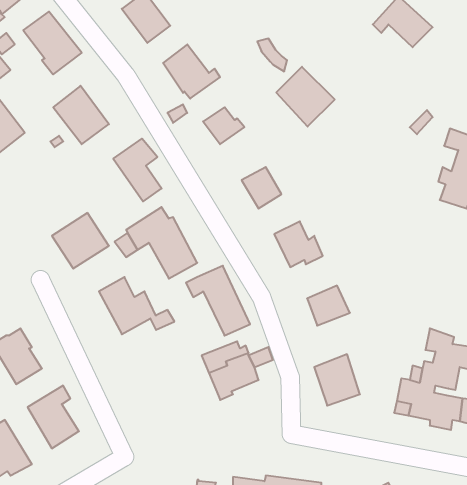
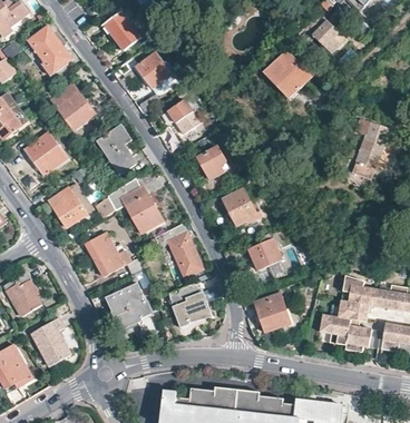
building: [276,67,335,127] -> [265,51,311,98]
building: none -> [23,131,68,176]
building: none -> [105,283,150,329]

